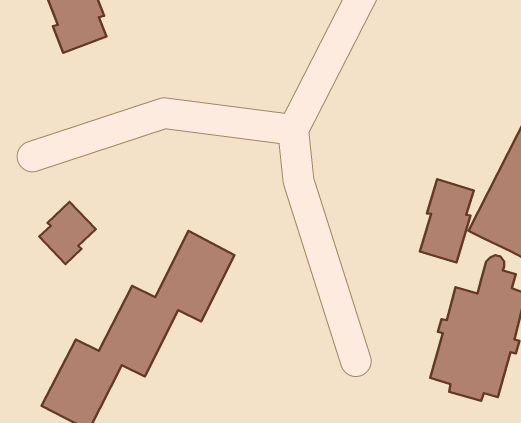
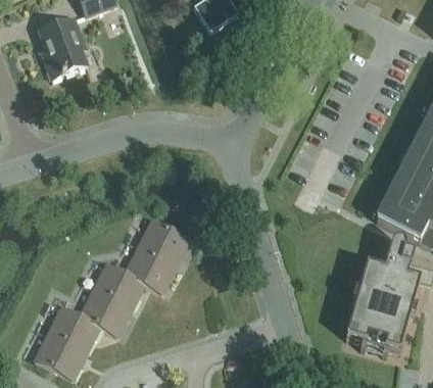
building: [420,179,474,263] -> none
building: [39,202,96,264] -> none

